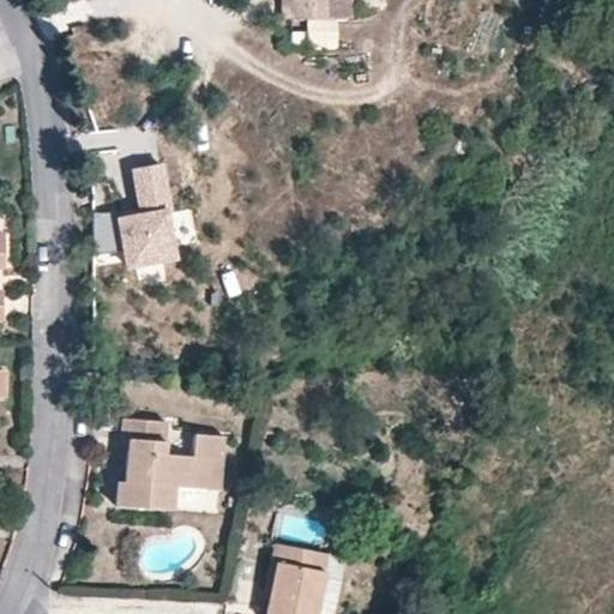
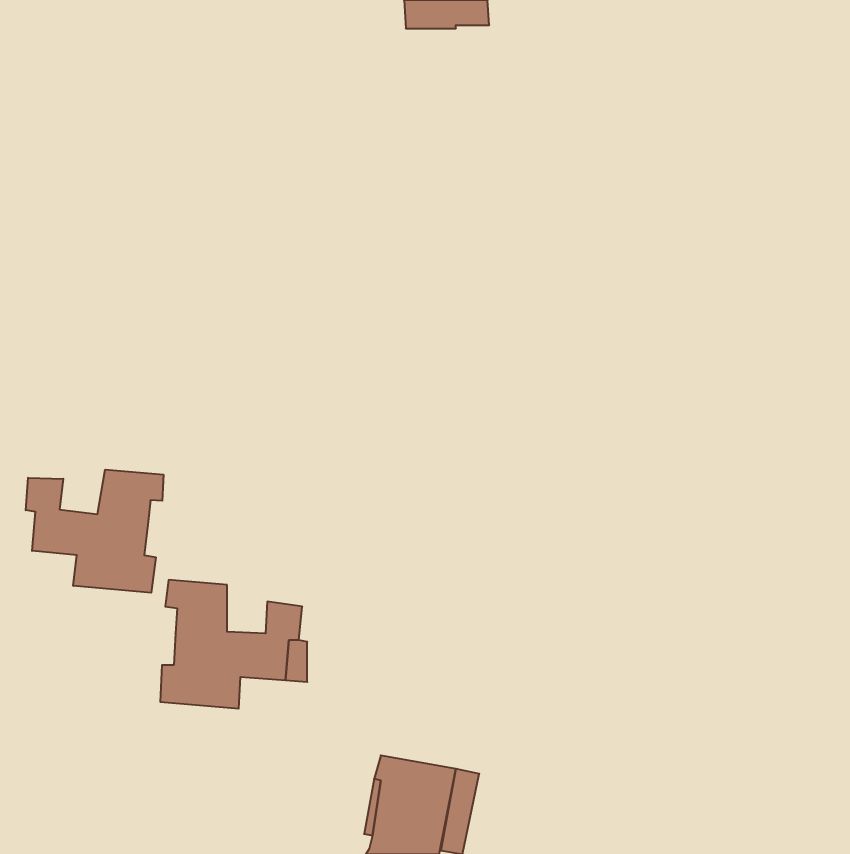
building: [97,163,179,275] -> none
building: none -> [26,470,163,593]

